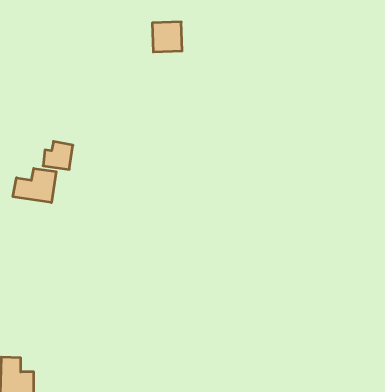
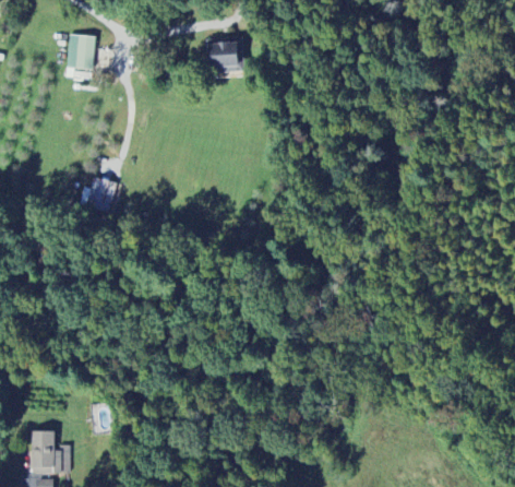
building: none -> [65,36,94,75]
building: [13,168,56,203] -> none

